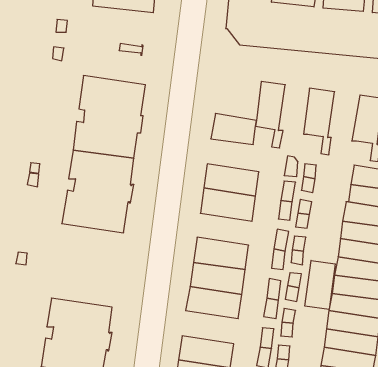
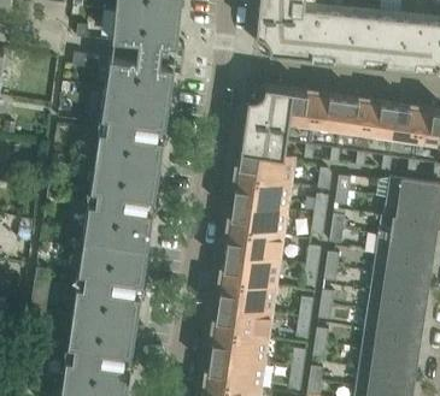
building: none -> [112,8,180,46]
building: none -> [106,57,175,91]
building: none -> [245,83,293,129]
building: none -> [311,91,344,161]
building: none -> [363,99,397,169]
building: none -> [236,148,295,183]
building: none -> [225,226,283,260]
building: none -> [72,237,148,325]
building: [305,260,335,310] -> none
building: none -> [210,329,269,364]

